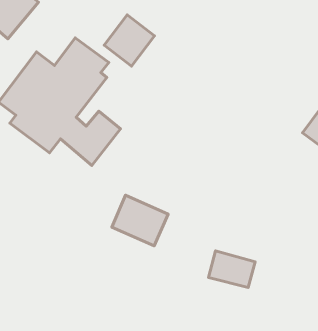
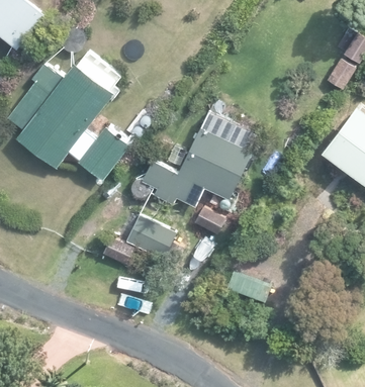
building: [104,15,154,66] -> none
building: none -> [133,107,260,231]

